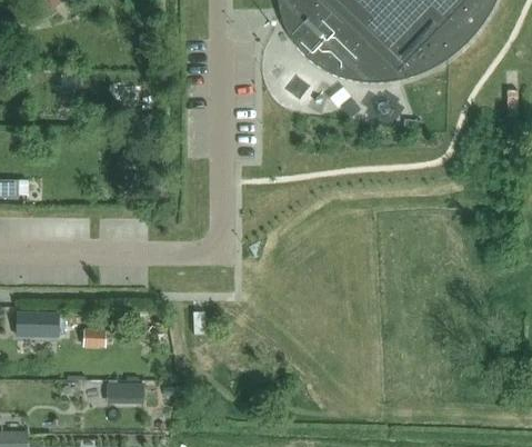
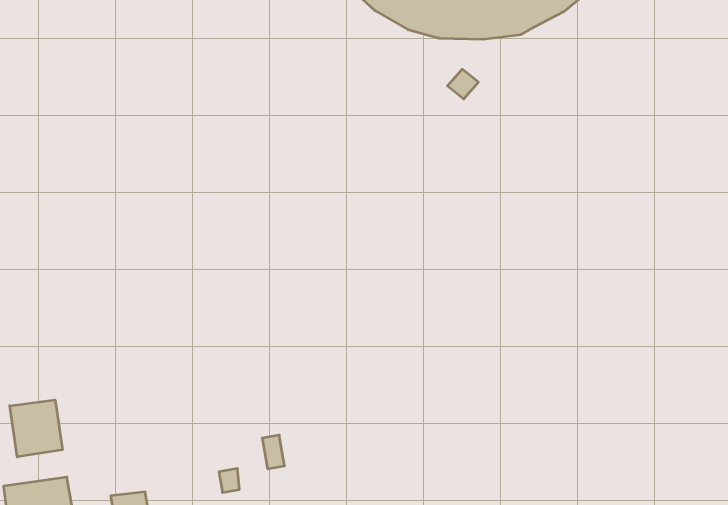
building: none -> [10,400,62,457]

